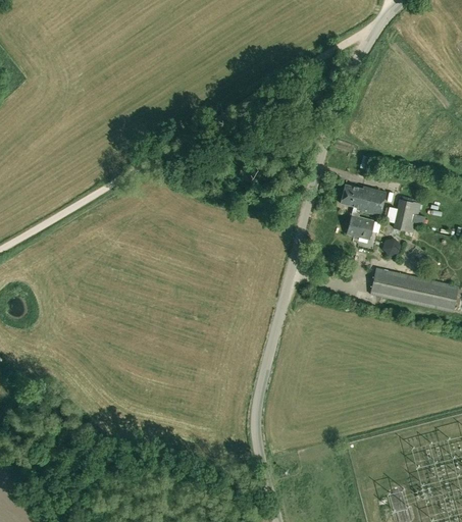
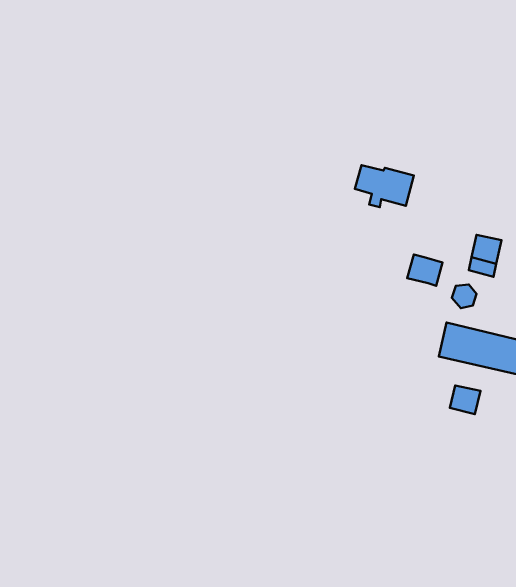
building: [341,184,387,216] -> [355,165,414,207]
building: none -> [450,386,481,414]

